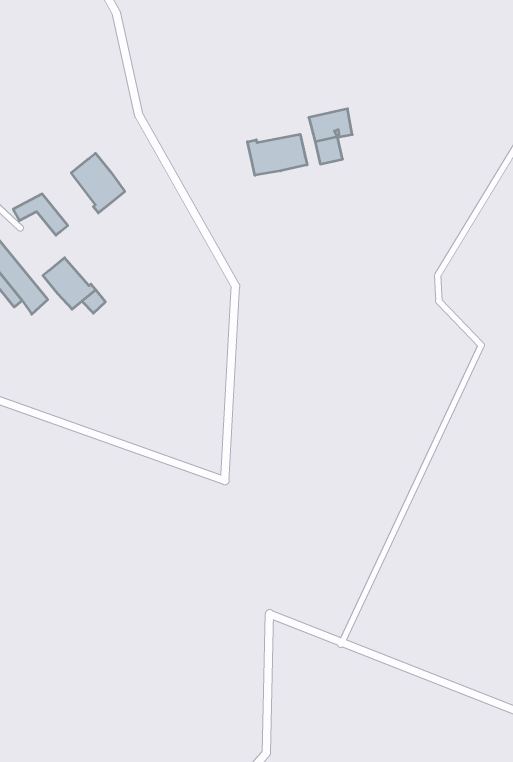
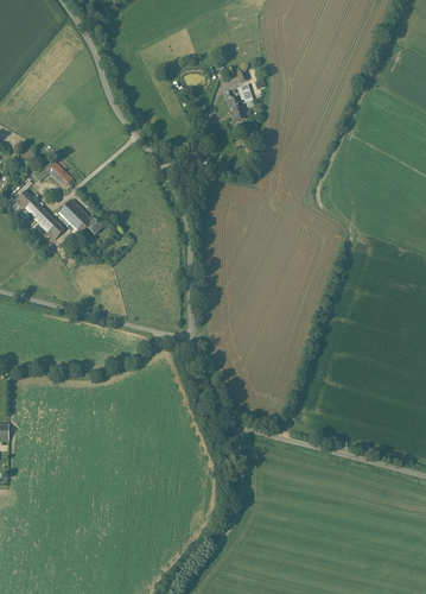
building: [247,134,307,175] -> none
building: [71,153,125,213] -> none

